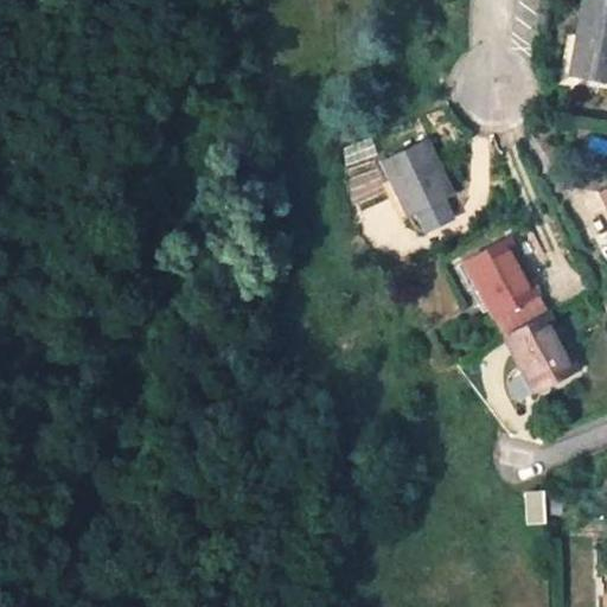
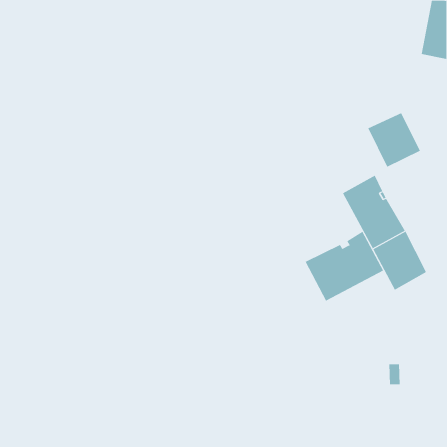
building: [381,141,453,216] -> [368,112,421,167]
building: none -> [305,231,384,302]

